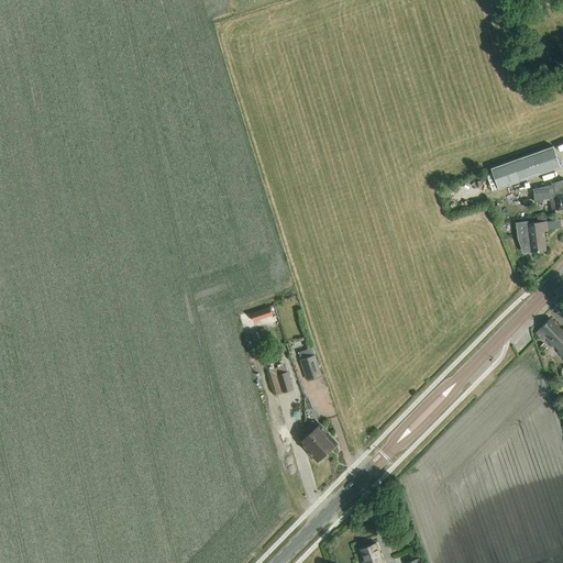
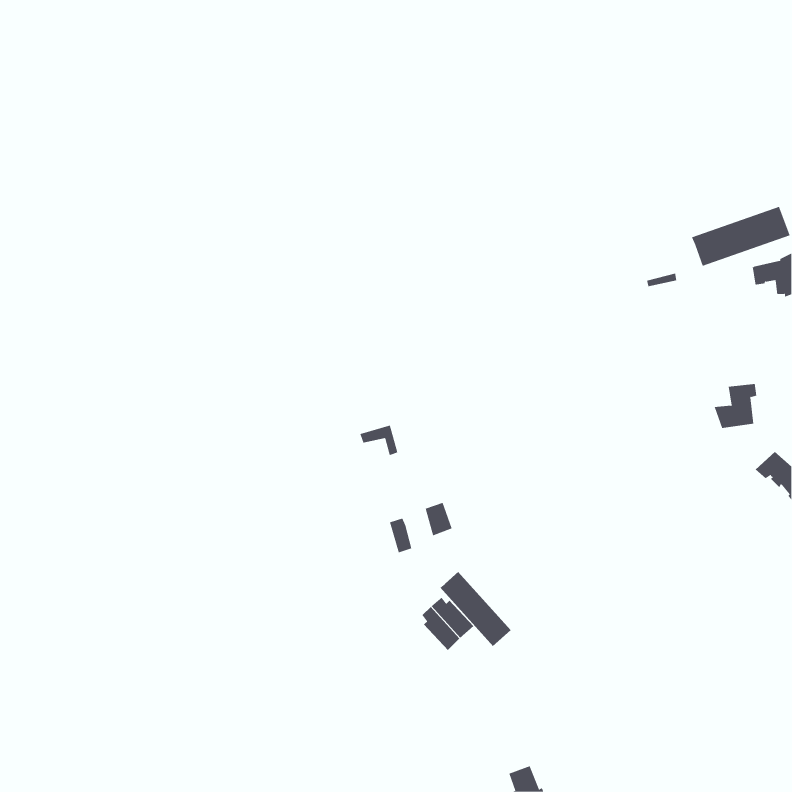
building: [517,222,548,254] -> [714,384,757,428]
building: none -> [439,571,512,647]

